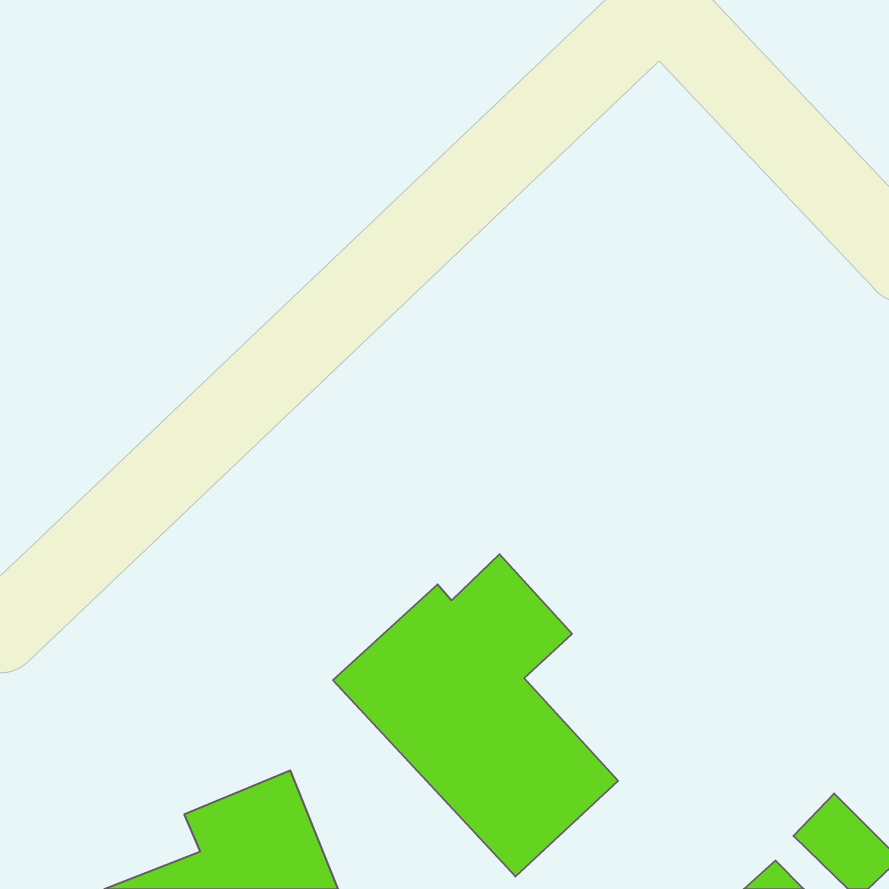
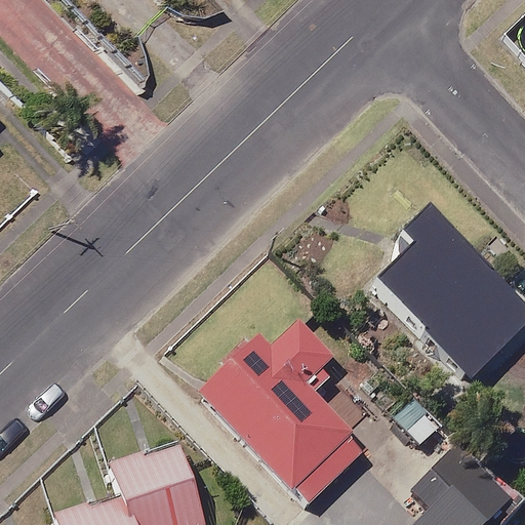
building: none -> [377,209,516,358]

